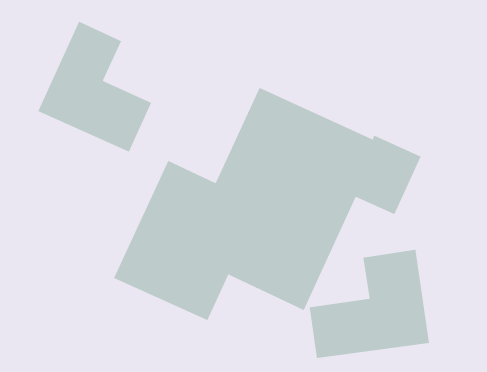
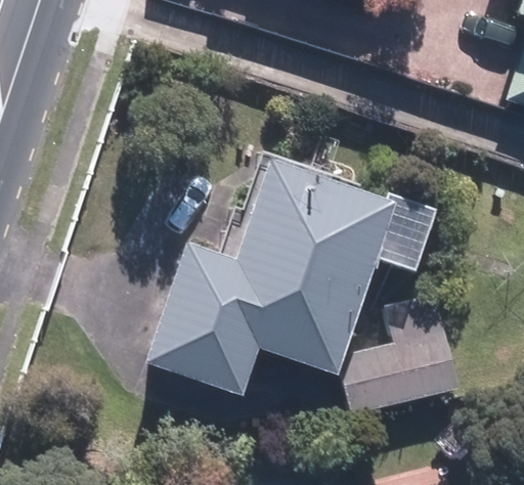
building: [38,21,152,152] -> none

